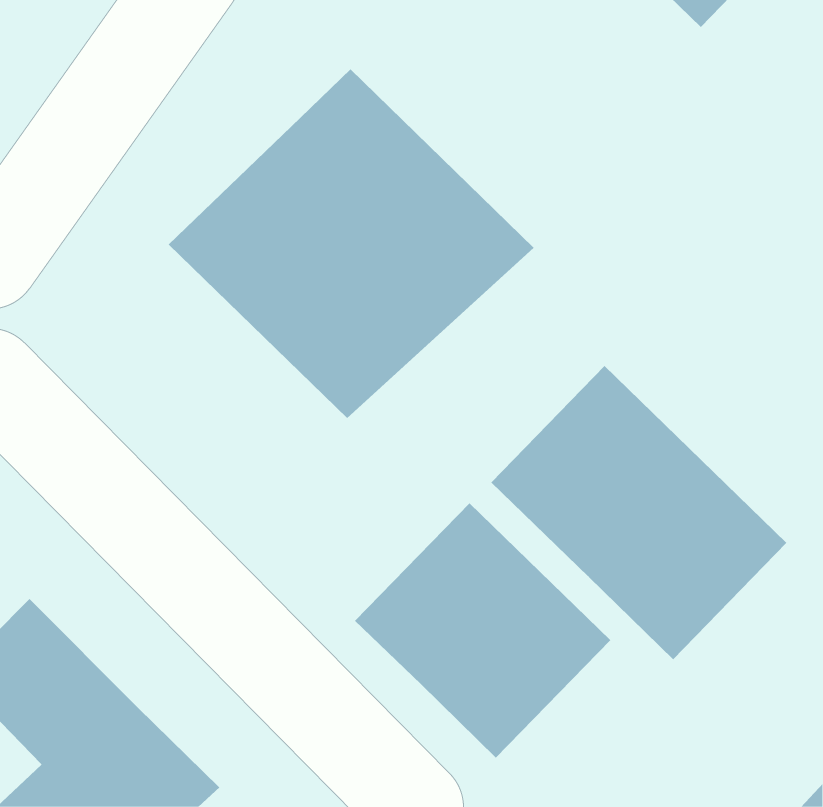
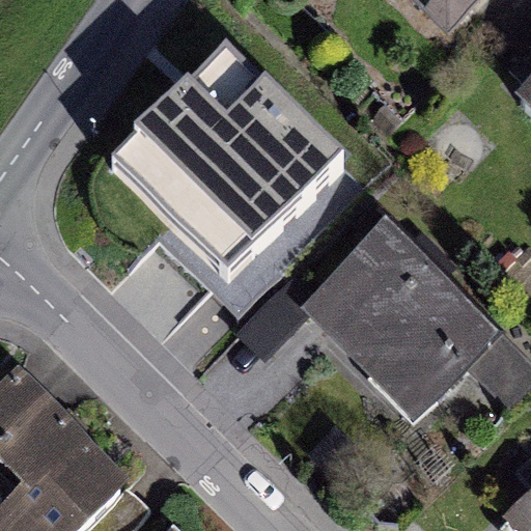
building: [354,502,611,759] -> none

